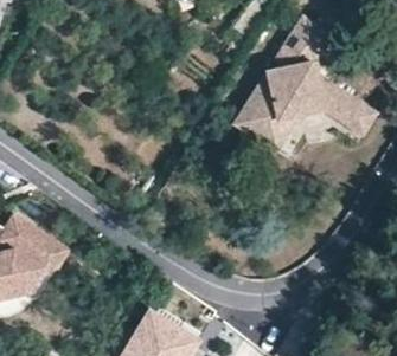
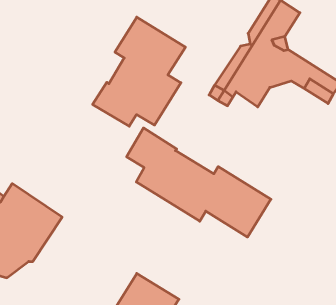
building: none -> [93,17,185,126]
building: none -> [127,128,271,237]

